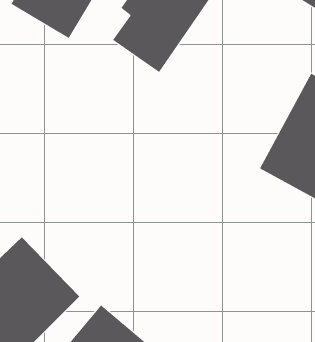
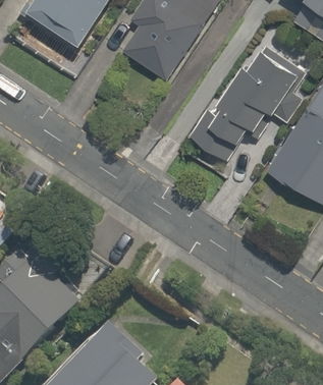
building: none -> [190,49,295,166]

